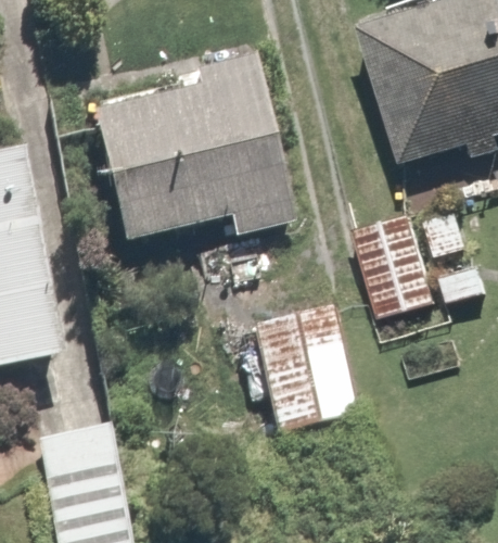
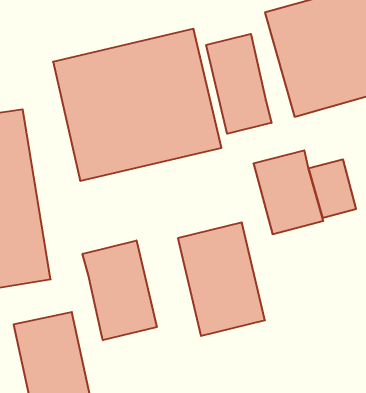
building: none -> [206,34,272,134]
building: none -> [83,240,157,340]

